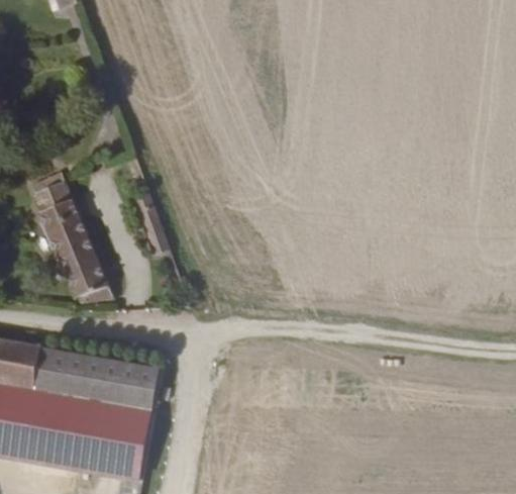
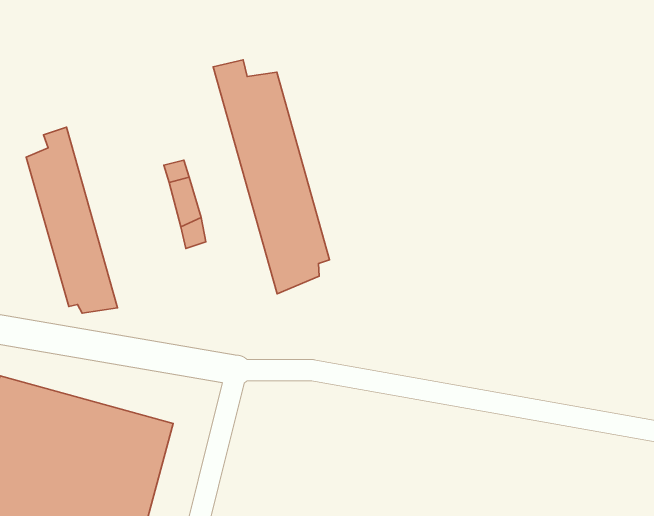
building: none -> [213,60,329,294]

